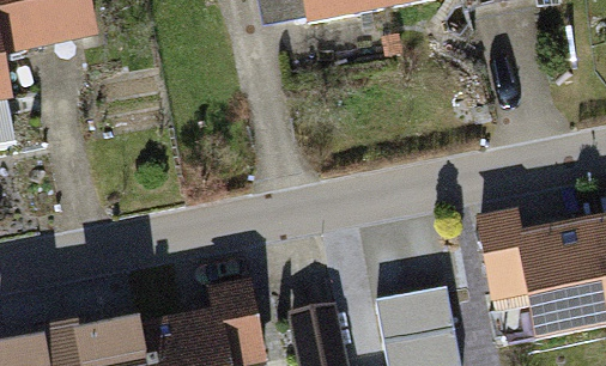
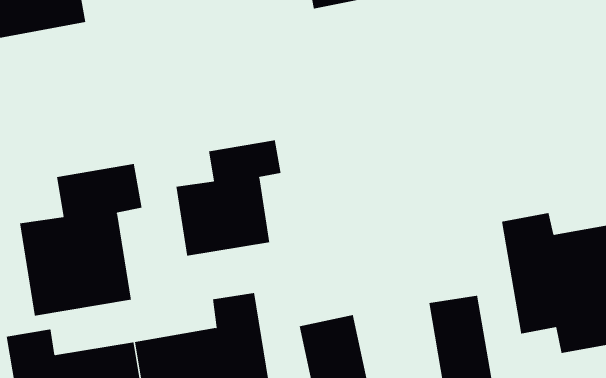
building: none -> [176,140,281,256]
building: none -> [20,163,142,316]

